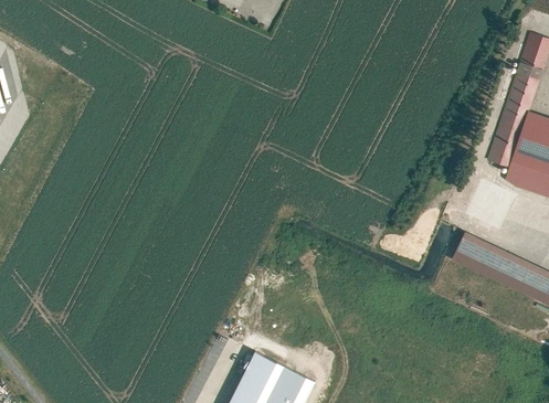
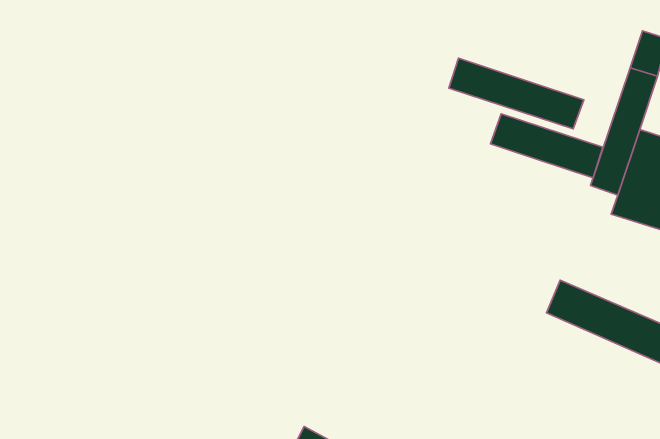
building: none -> [449,58,584,129]
building: none -> [490,114,603,178]

